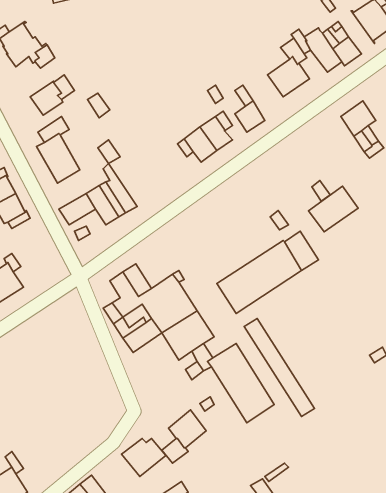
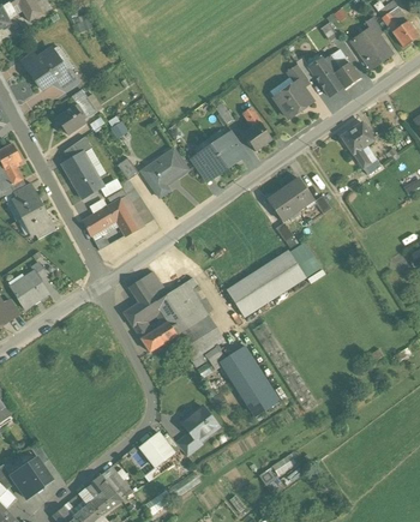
building: none -> [139,148,188,197]
building: [309,186,358,232] -> [268,178,313,220]

